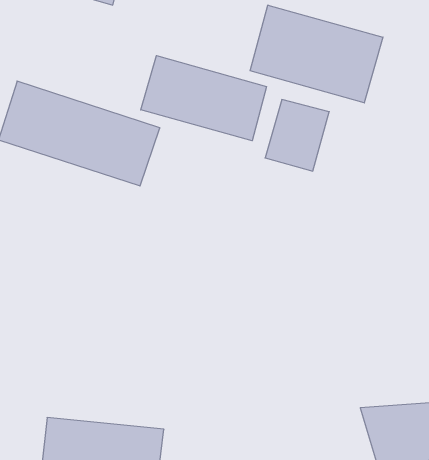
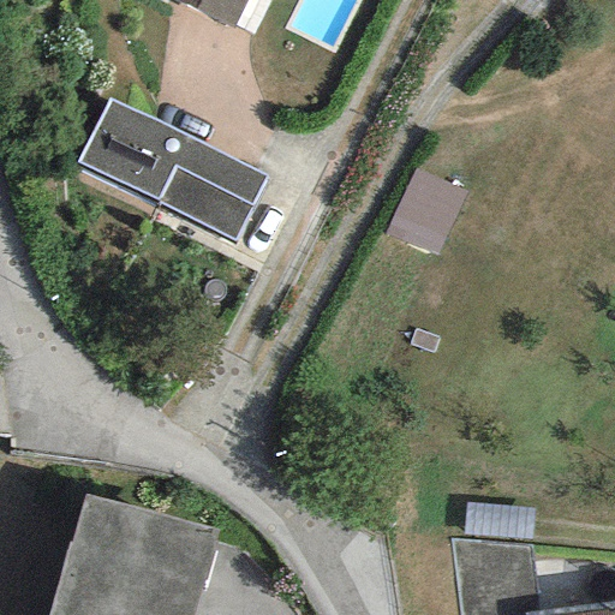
building: [250,5,383,103] -> none
building: [141,56,267,141] -> none

